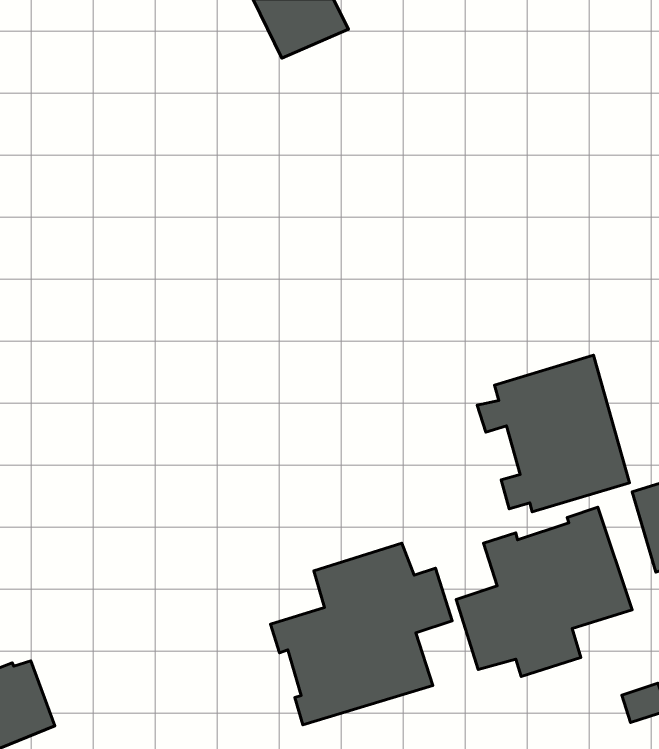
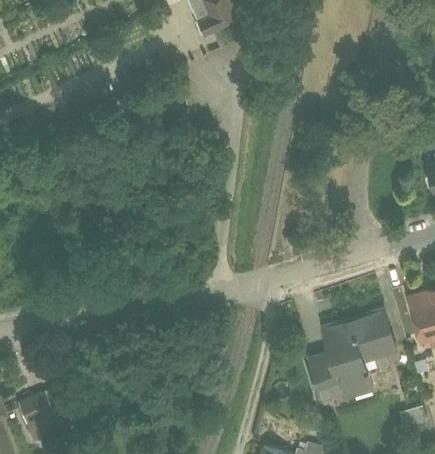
building: [477,355,630,512] -> none
building: [271,543,452,725] -> none

